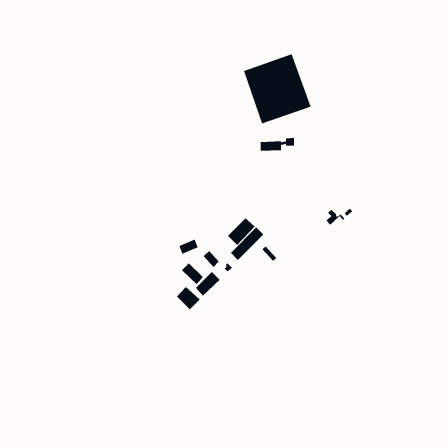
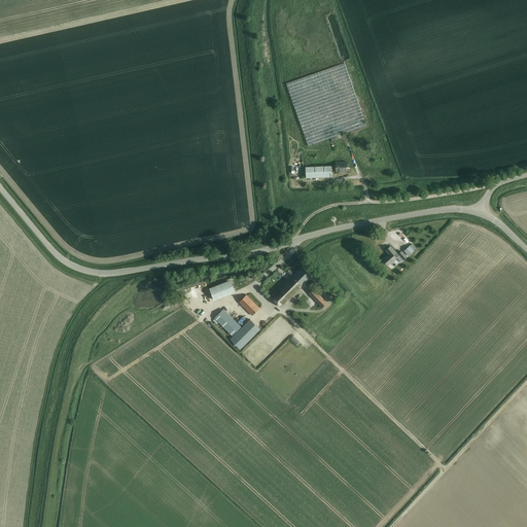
building: [227,217,255,246] -> none
building: [176,286,200,310] -> none

